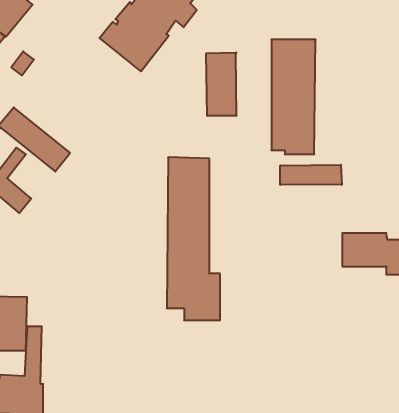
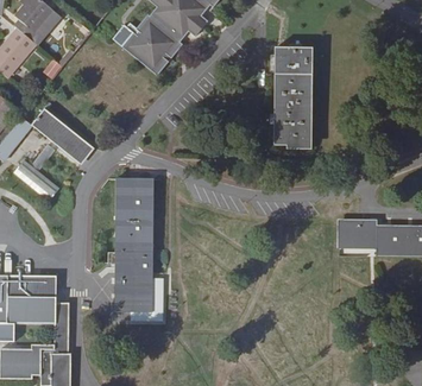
building: [206,52,236,116] -> none
building: [167,157,220,320] -> [115,177,163,322]
building: [280,165,342,185] -> none

